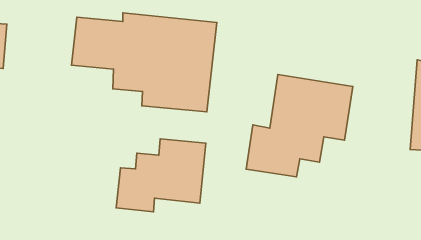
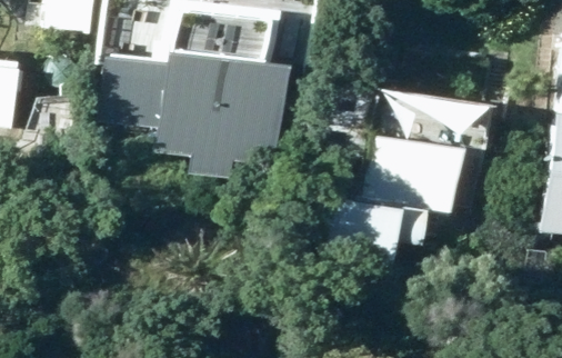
building: [116,139,206,212] -> none

